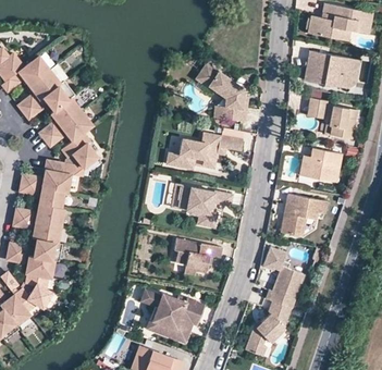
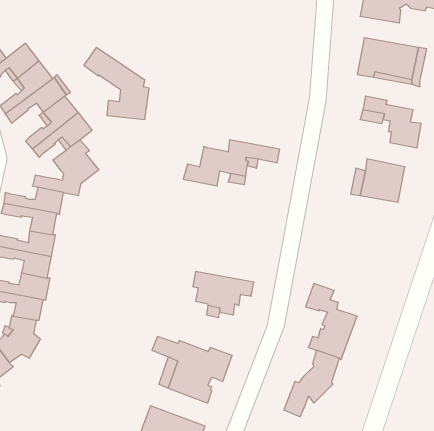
building: [196,64,248,122] -> [84,48,149,119]
building: [178,185,233,227] -> none
building: [281,195,328,237] -> none

